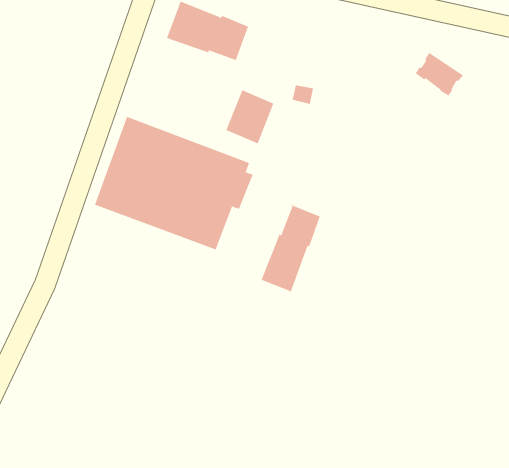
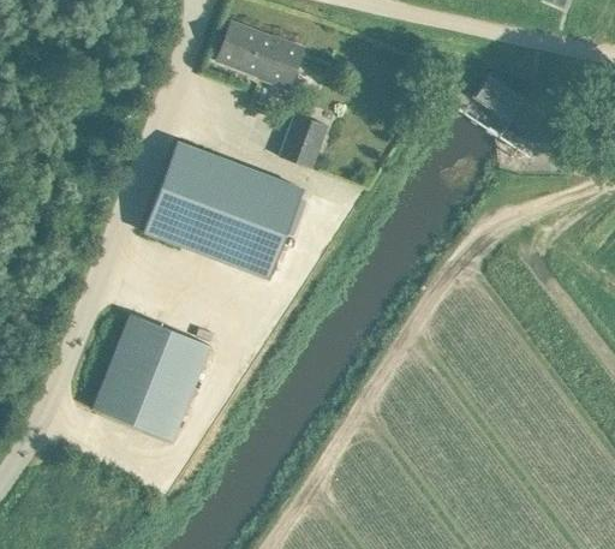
building: [261,204,320,292] -> none
building: none -> [92,314,210,441]

